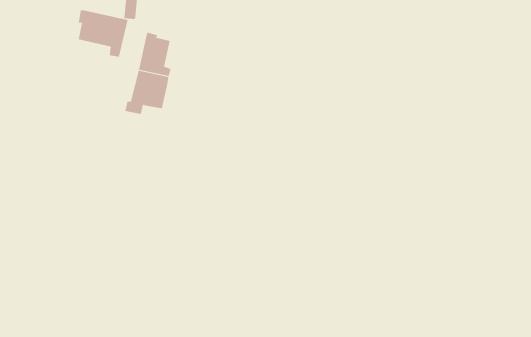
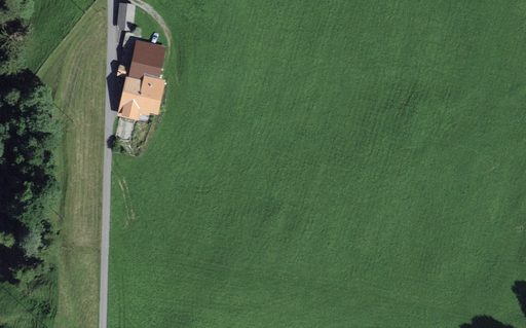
building: [78,9,128,57] -> none

